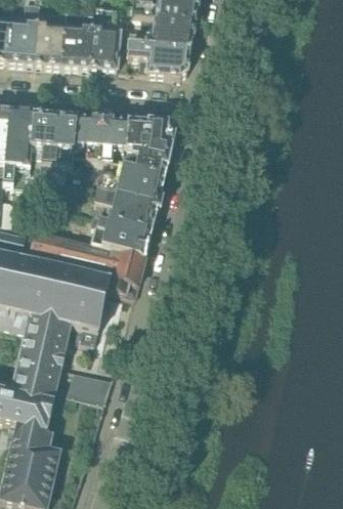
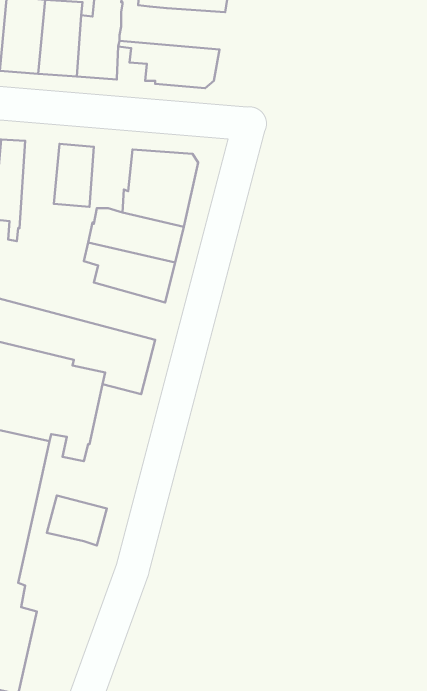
building: [120,15,196,46] -> none
building: [48,112,77,178] -> none
building: [98,116,129,160] -> none
building: [91,211,153,254] -> none

